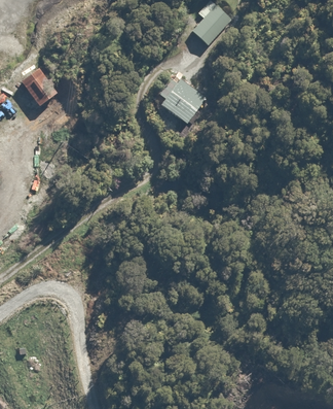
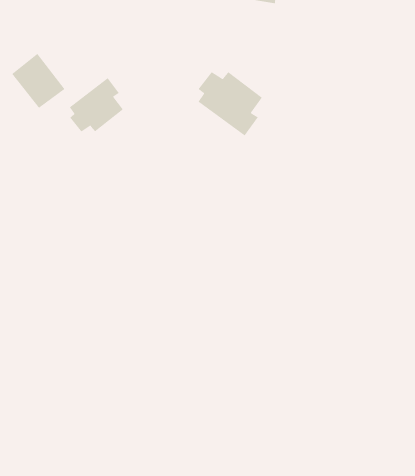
building: none -> [69,77,124,132]

